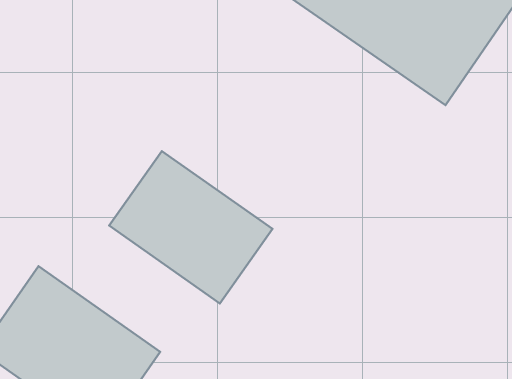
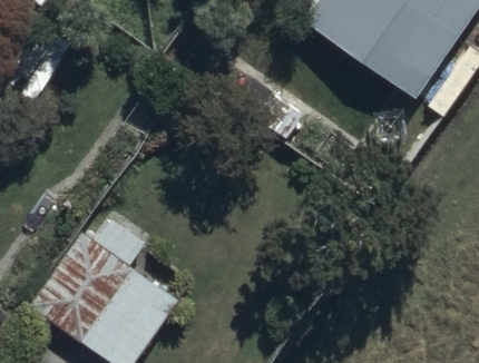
building: [109,151,273,303] -> none

